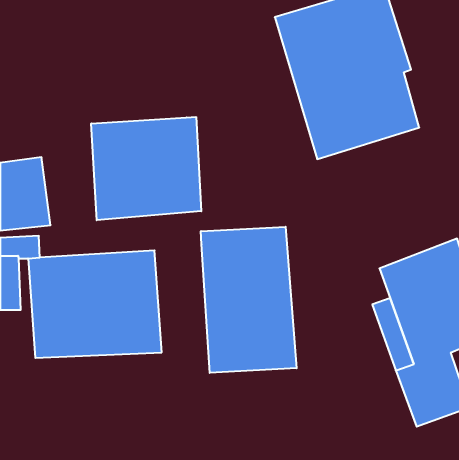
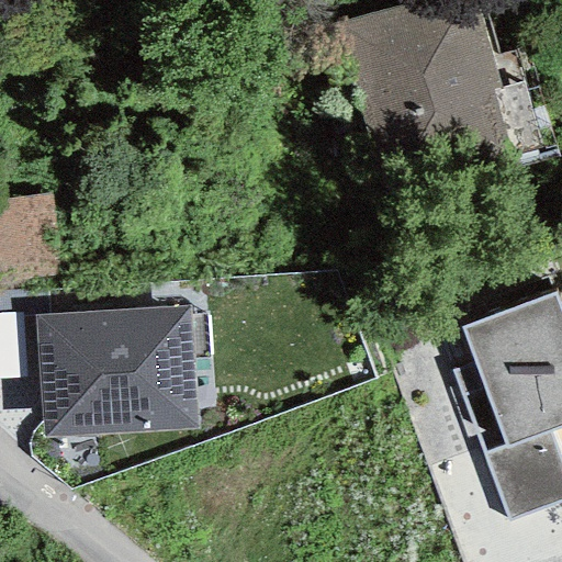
building: [91,117,201,220] -> none
building: [201,227,297,373] -> none

